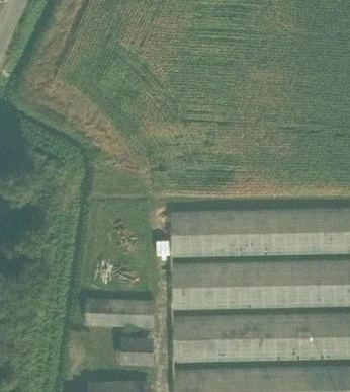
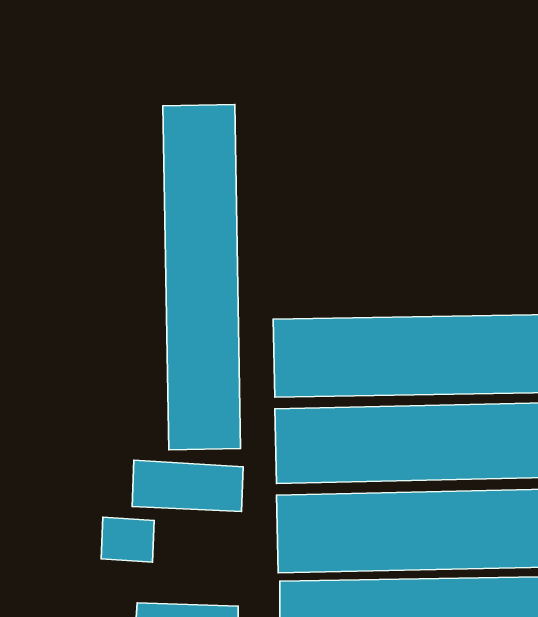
building: none -> [163,104,241,450]
building: [121,335,154,363] -> [101,517,154,562]

